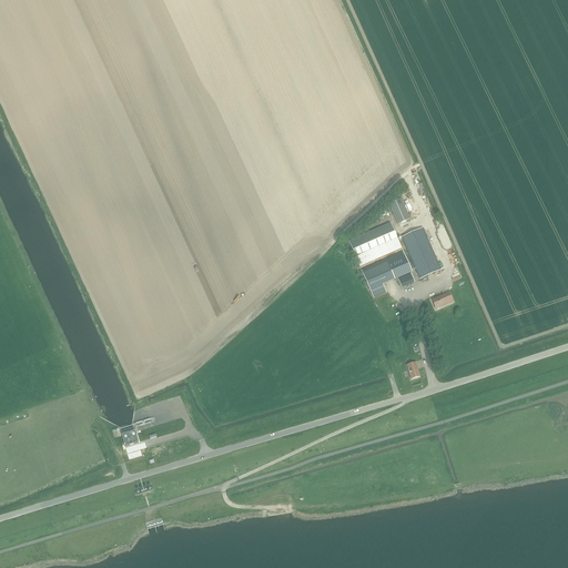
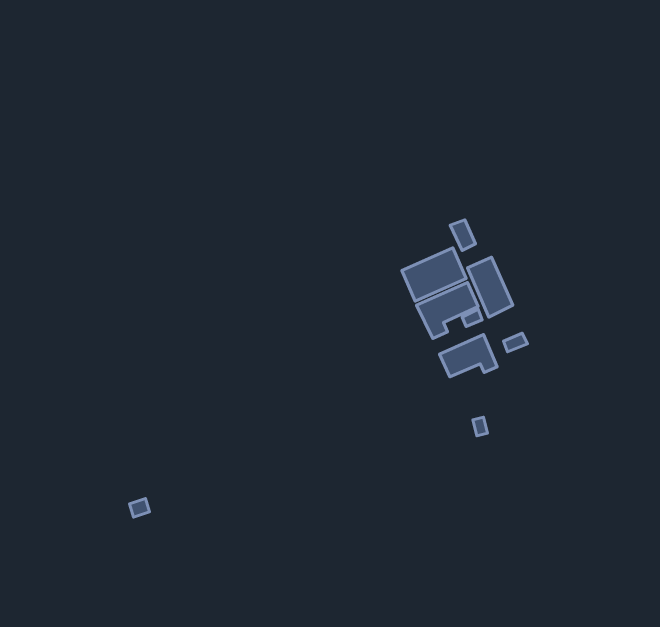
building: none -> [439,334,497,377]

